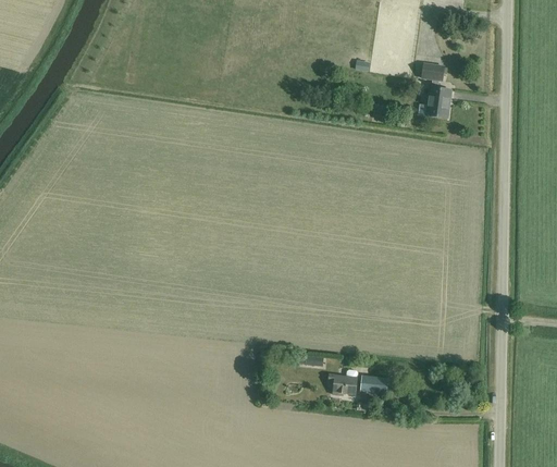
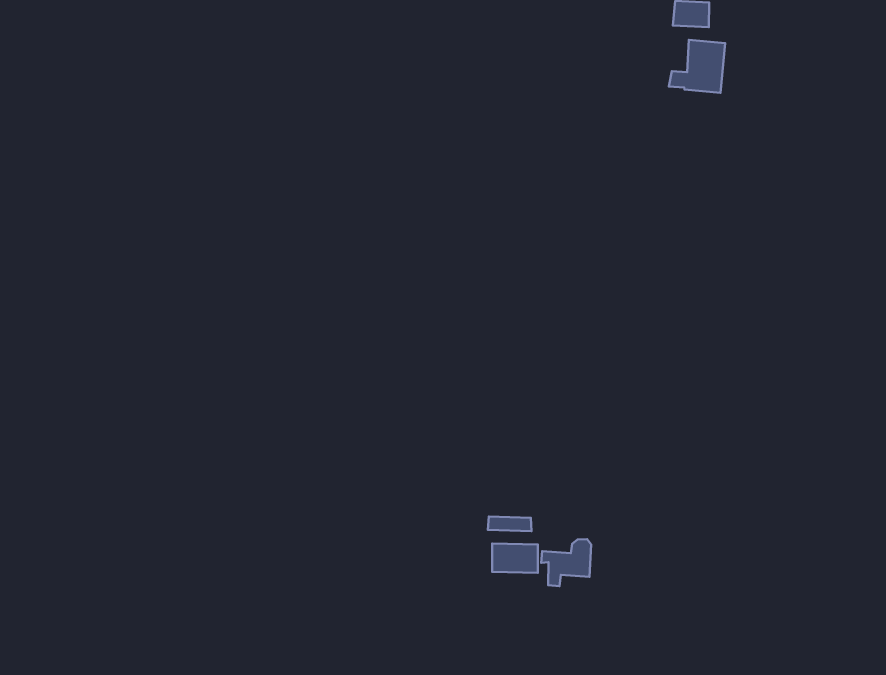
building: [359,374,386,393] -> [492,543,538,573]

